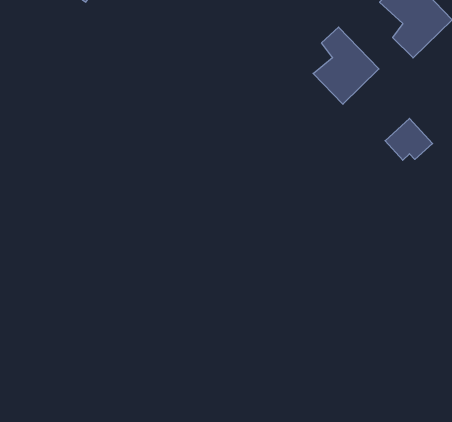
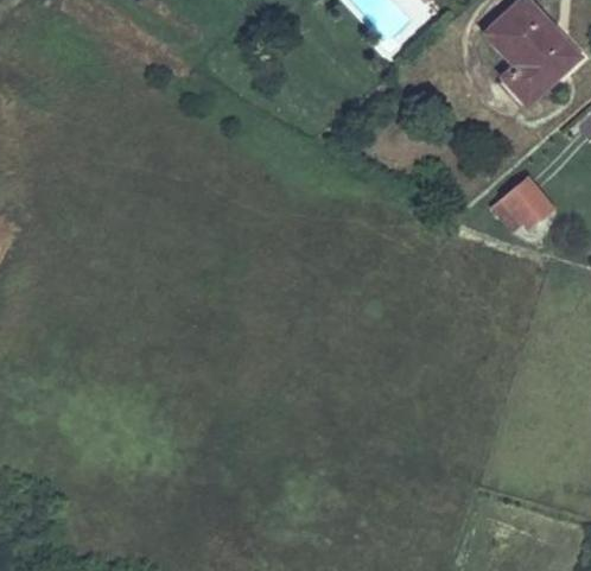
building: [313,27,379,104] -> none

